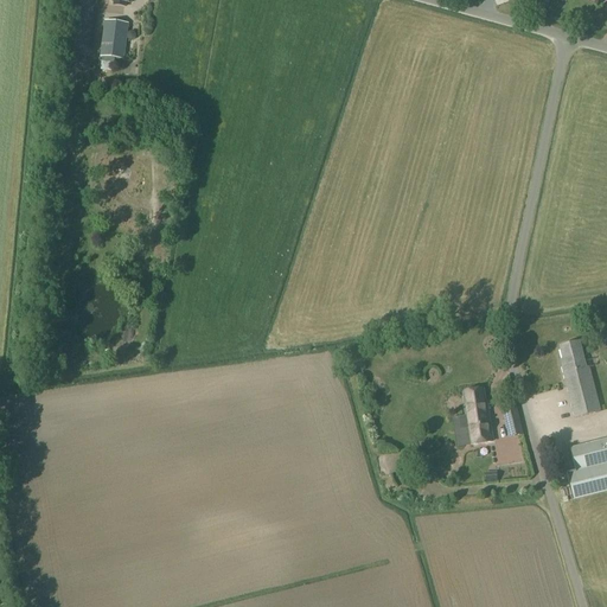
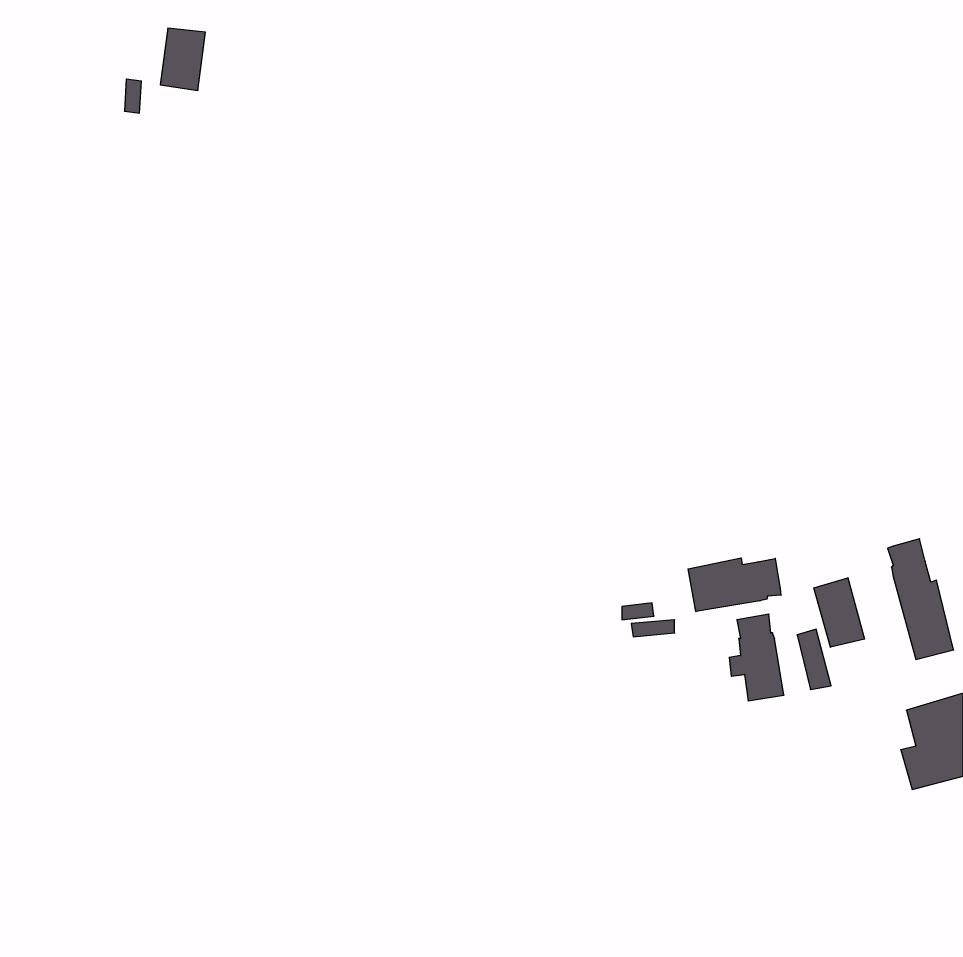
building: none -> [688,558,781,612]
building: none -> [814,578,865,647]

